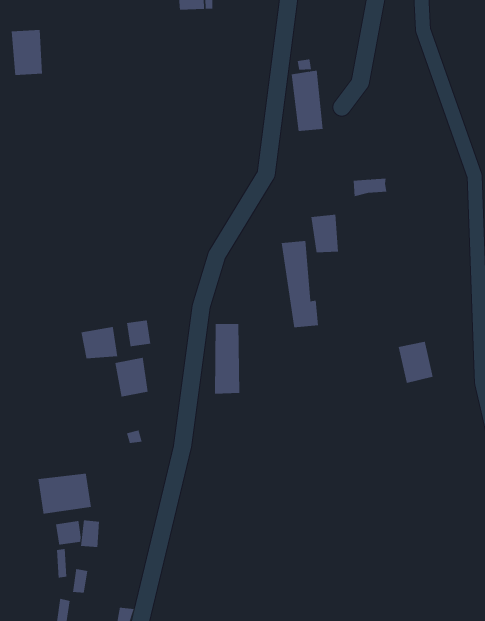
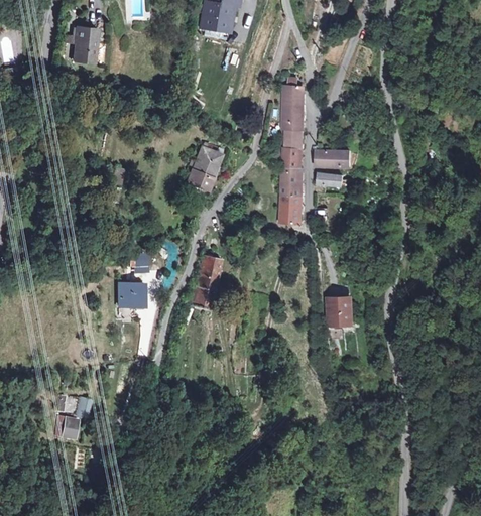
building: none -> [314,149,349,165]
building: none -> [187,150,218,194]
building: [281,240,319,328] -> [281,130,302,196]
building: [81,326,118,359] -> none
building: [38,473,91,515] -> none

